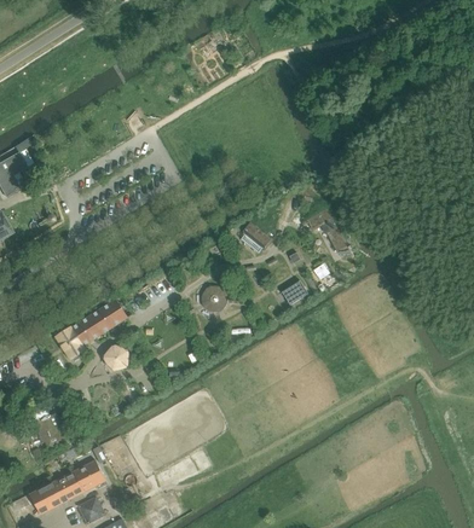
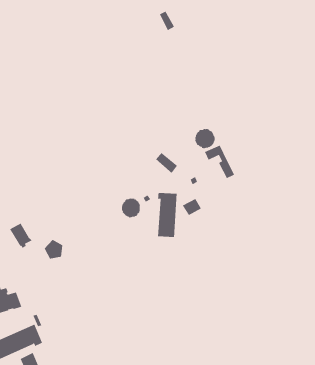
building: none -> [195,128,215,149]
building: none -> [157,192,177,238]
building: [70,298,127,346] -> none

